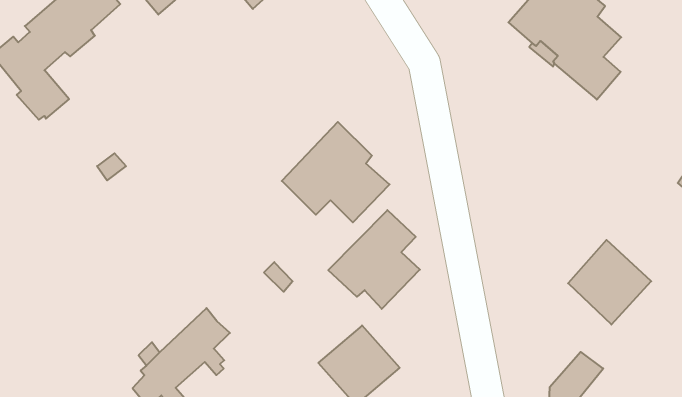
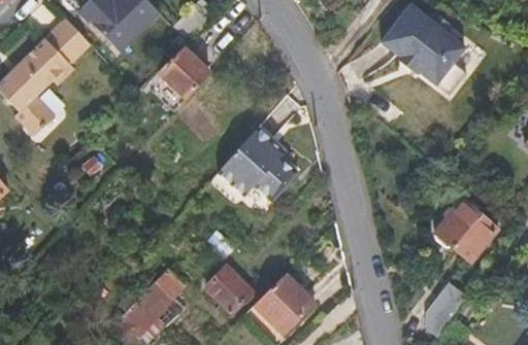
building: none -> [158,46,209,99]
building: [328,210,420,309] -> none
building: none -> [206,266,252,312]

